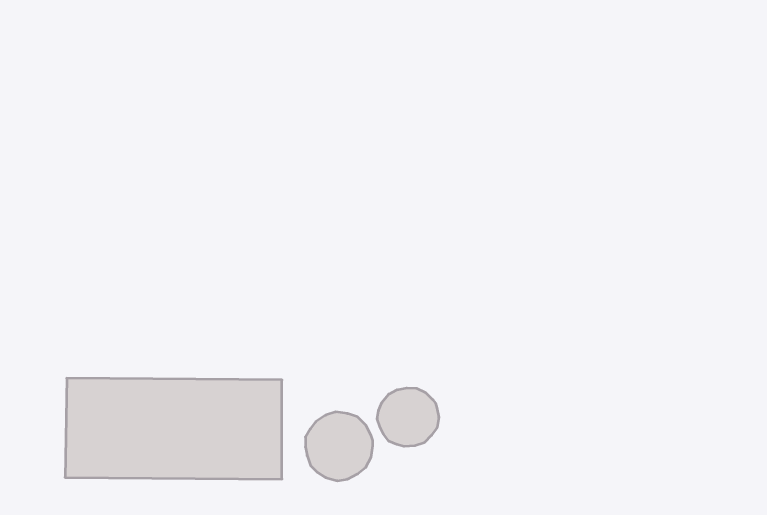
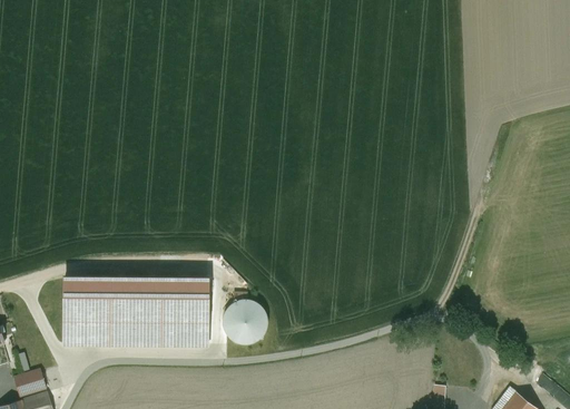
building: [377,388,439,446] -> none

